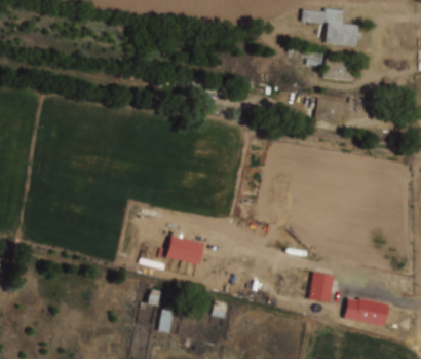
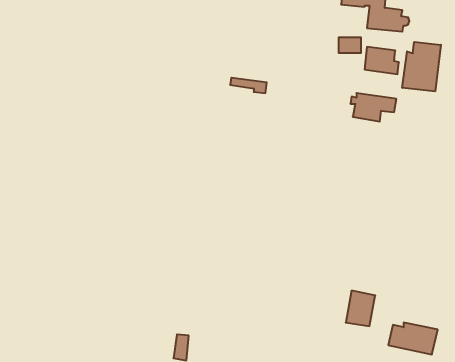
building: none -> [402,42,441,91]
building: [165,235,202,264] -> none

